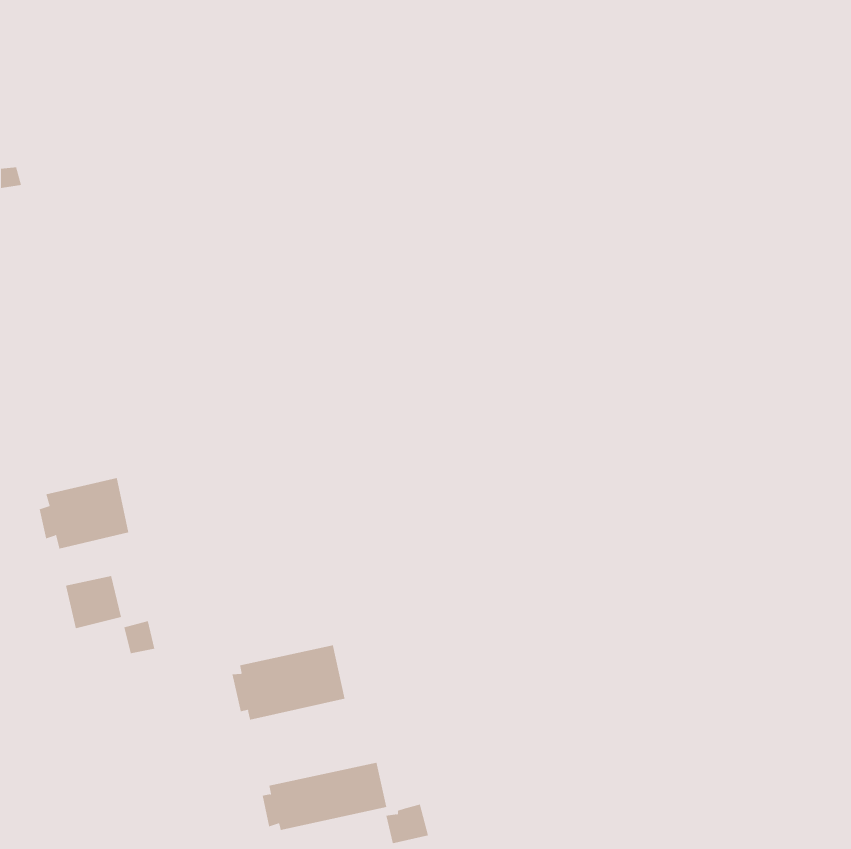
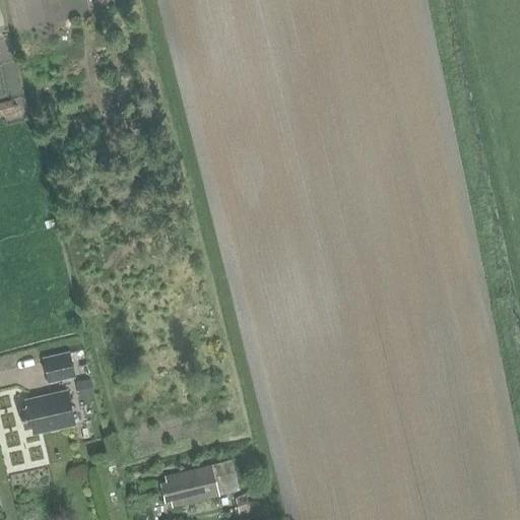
building: [39,477,129,549] -> [21,389,76,433]
building: [232,644,345,721] -> none

